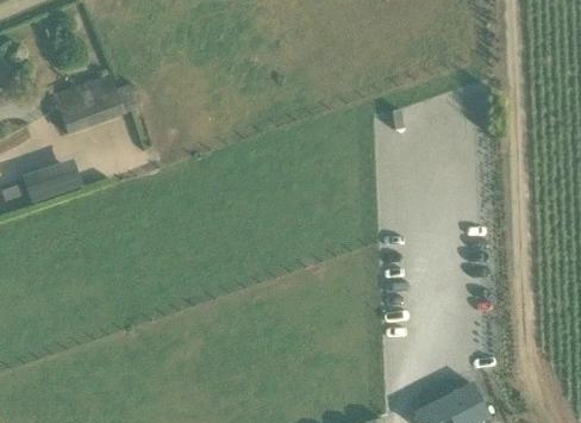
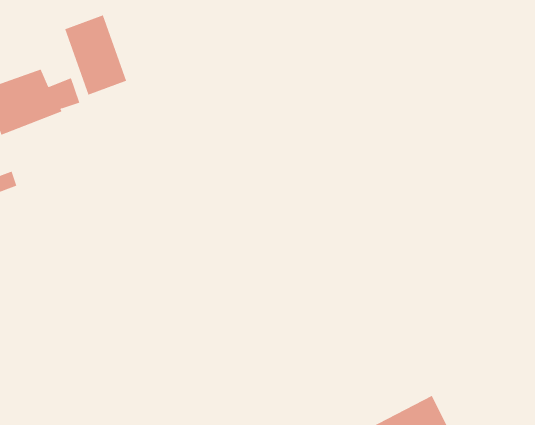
building: none -> [65,15,127,95]

